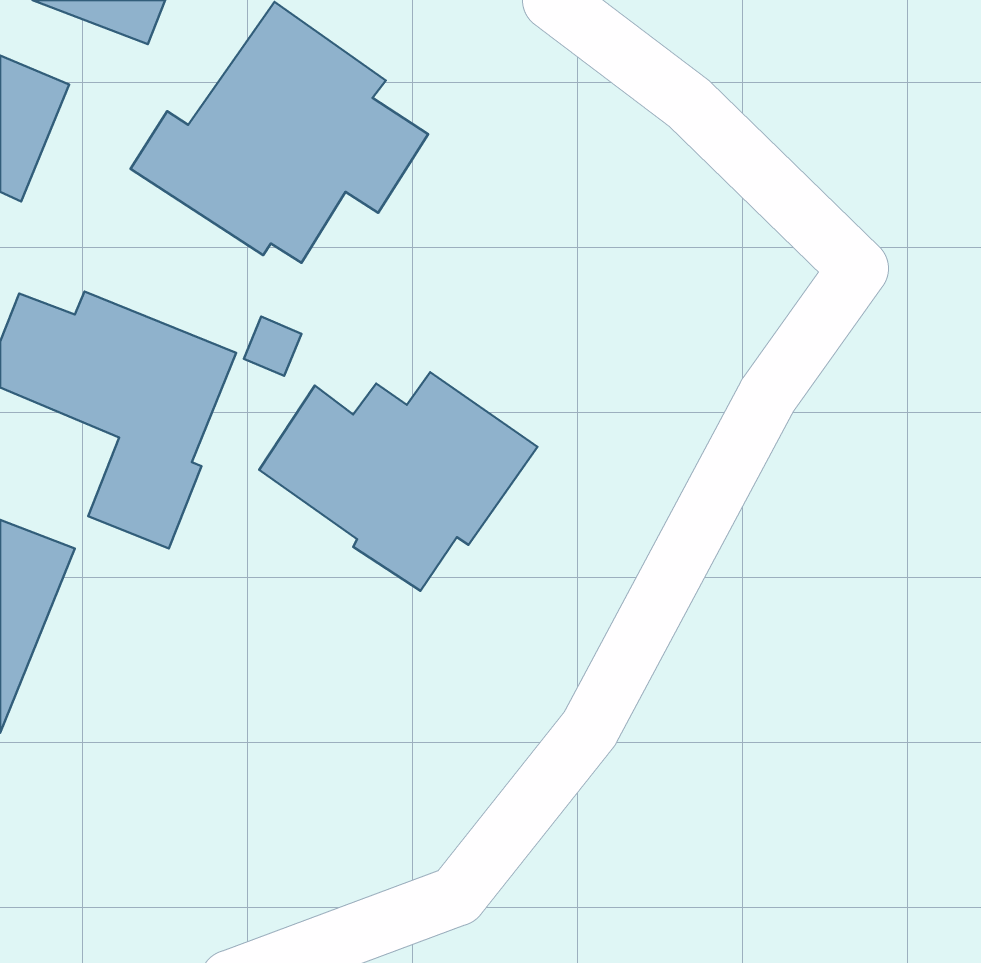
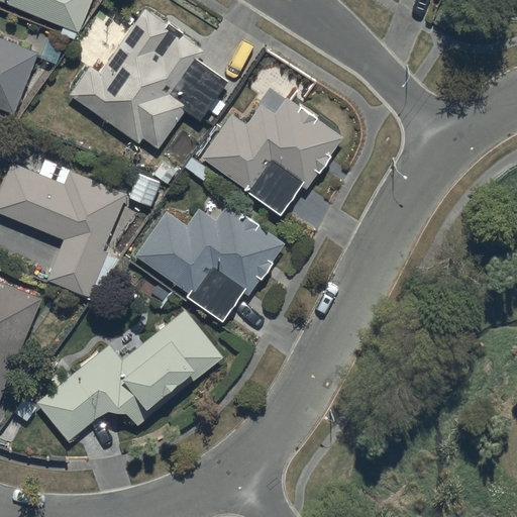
building: none -> [202,99,341,214]
building: none -> [37,311,221,441]

